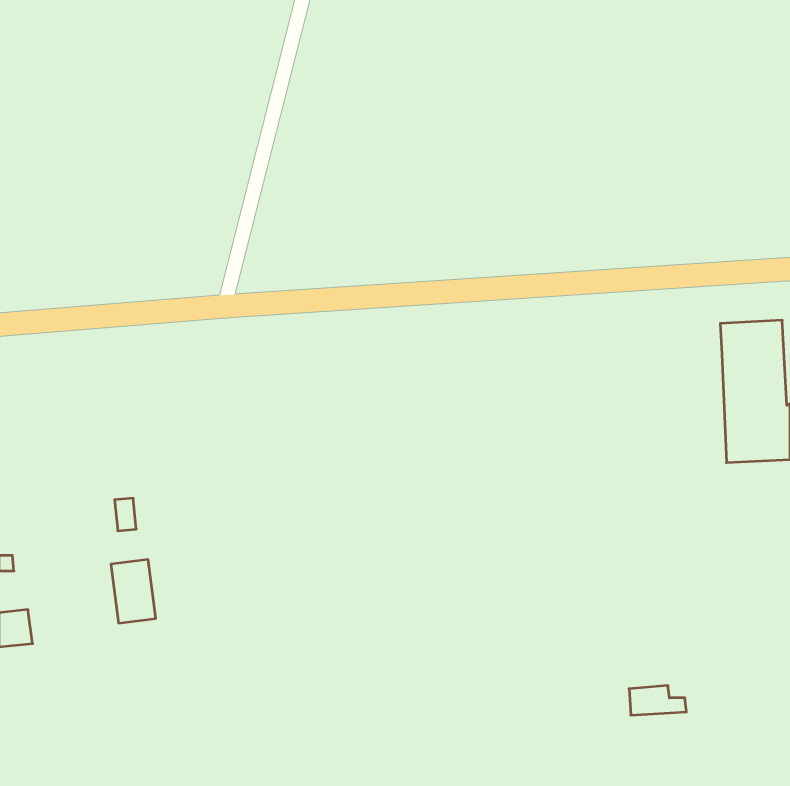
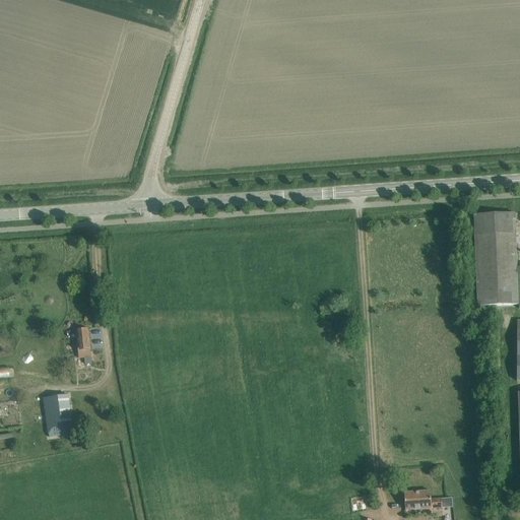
building: [111,560,156,623] -> [43,393,72,435]
building: [629,686,686,715] -> [403,489,441,508]

